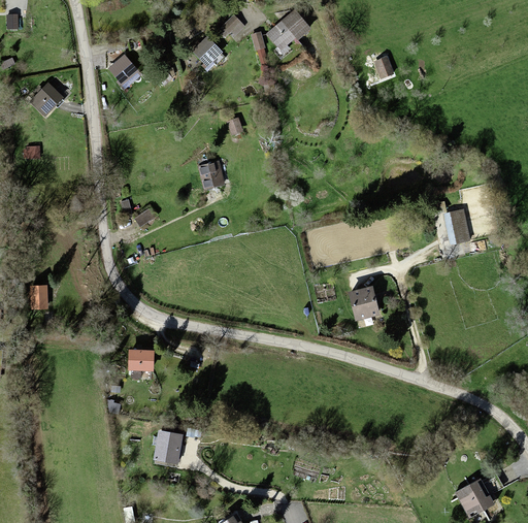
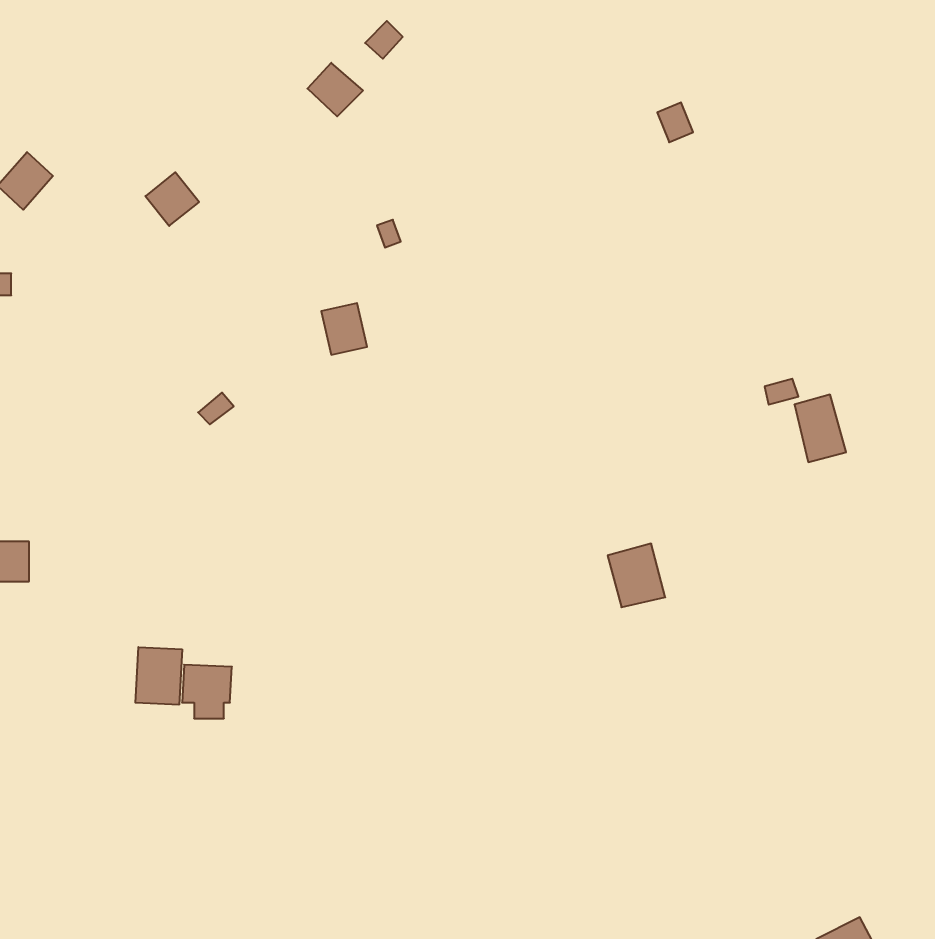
building: [268,9,310,47] -> none
building: [109,56,137,84] -> [145,172,199,226]
building: none -> [135,647,182,705]
building: [156,431,182,459] -> none

